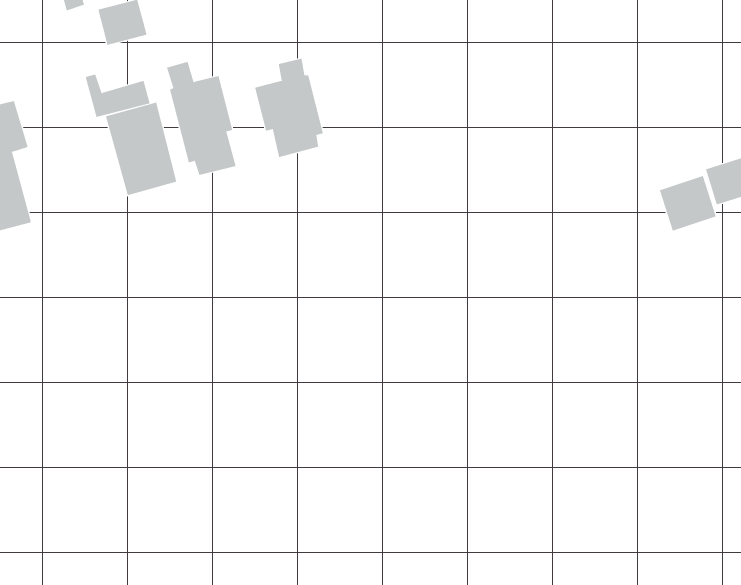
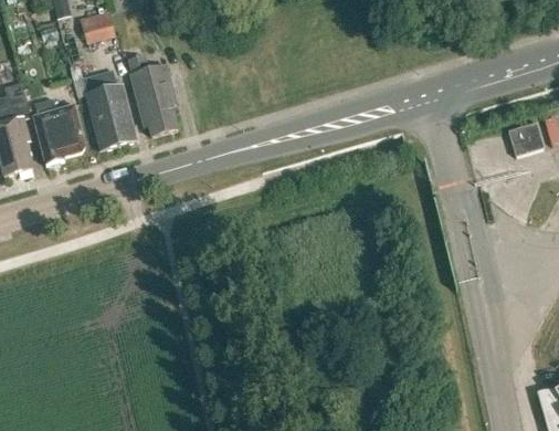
building: [255,58,324,158] -> none
building: none -> [33,97,85,164]
building: [659,175,716,232] -> none

